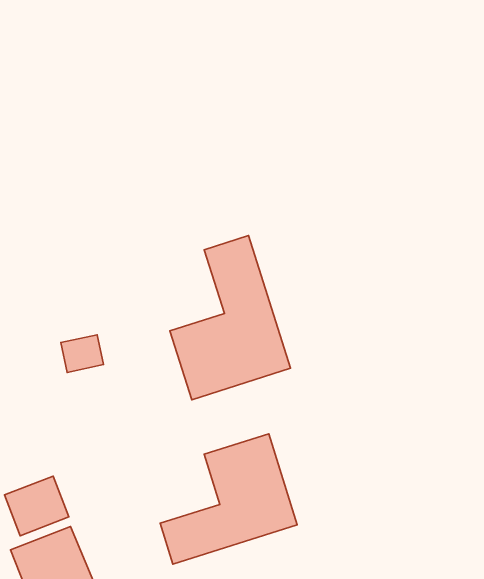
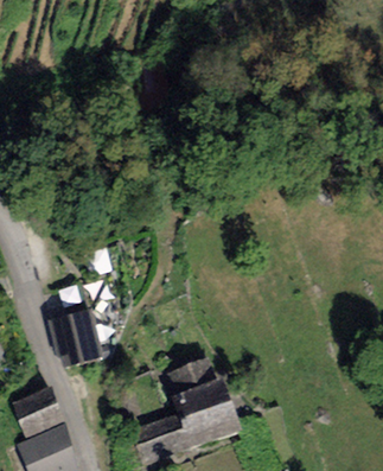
building: [170,235,291,400] -> none
building: none -> [52,311,106,367]

